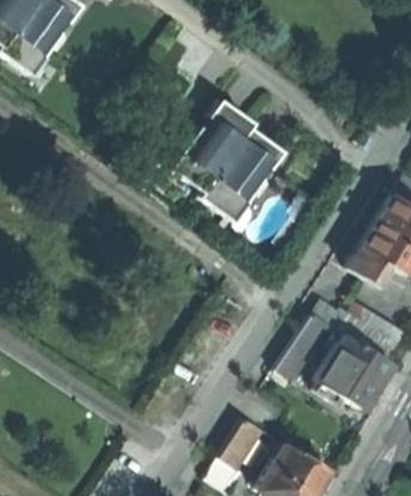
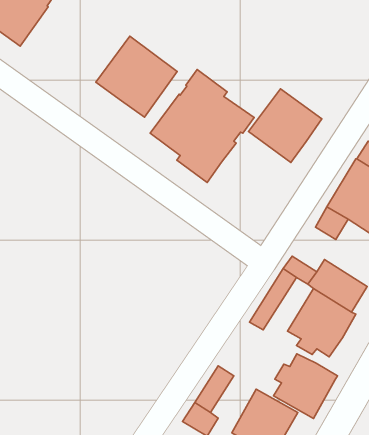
building: none -> [96,36,177,117]
building: none -> [249,89,322,163]
building: none -> [274,354,338,418]

